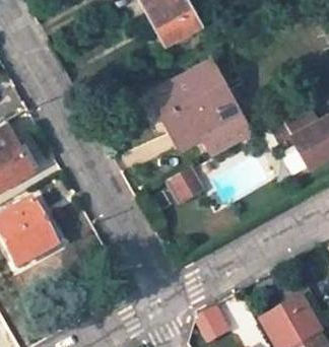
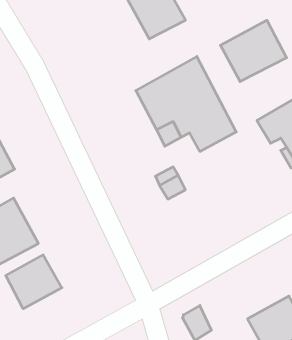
building: none -> [220,20,287,82]
building: none -> [6,255,62,309]

